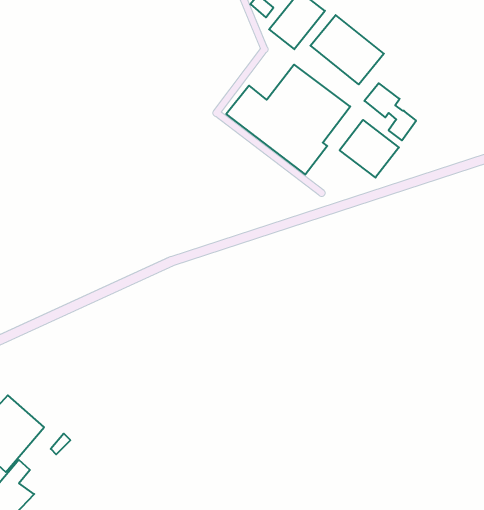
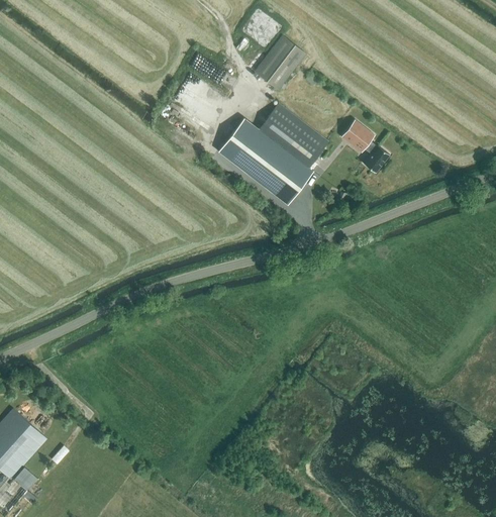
building: [310,15,384,84] -> none
building: [340,120,399,178] -> none

